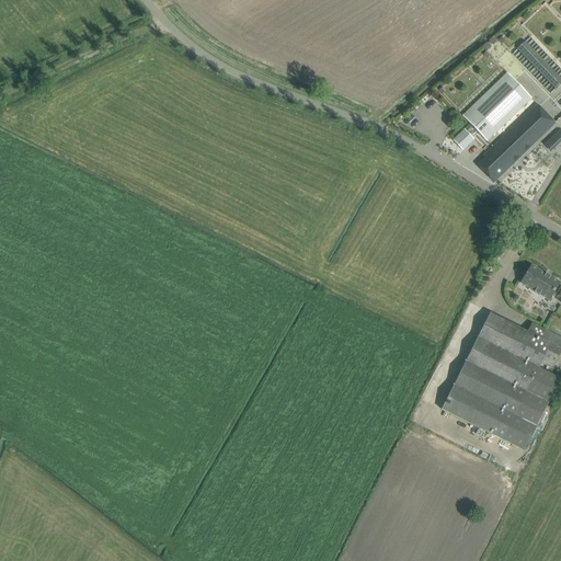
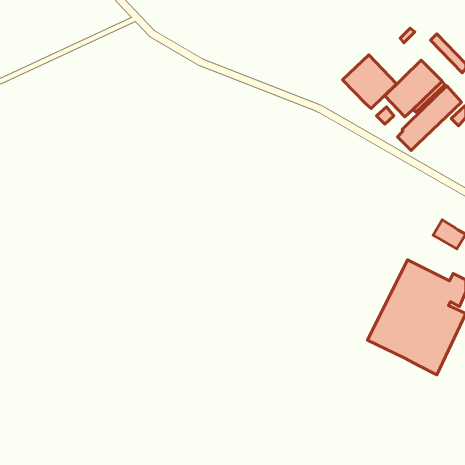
building: none -> [342,55,396,109]

